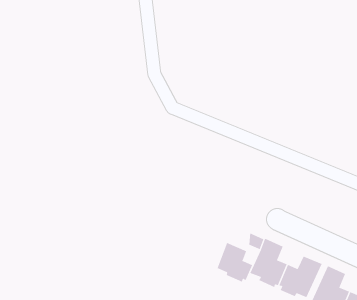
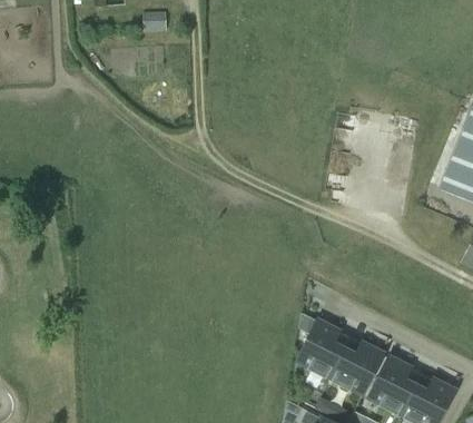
building: [217,242,253,282] -> none

